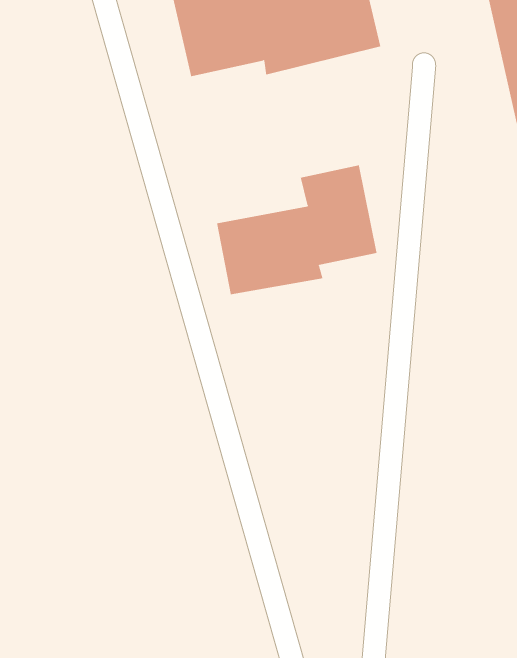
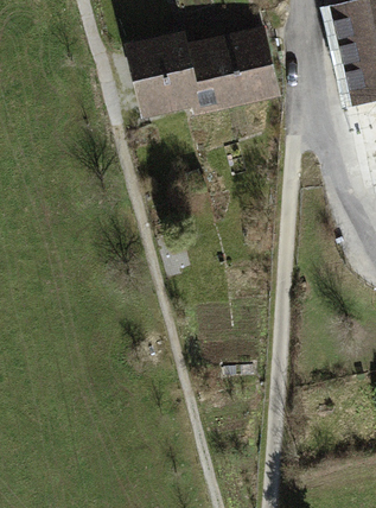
building: [217,165,377,295] -> none

